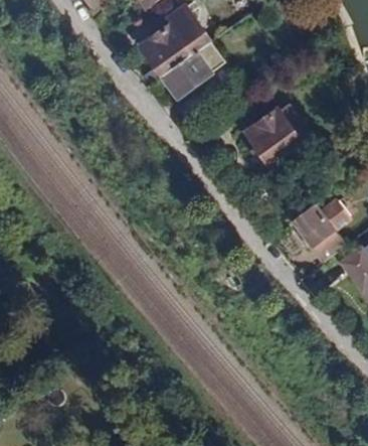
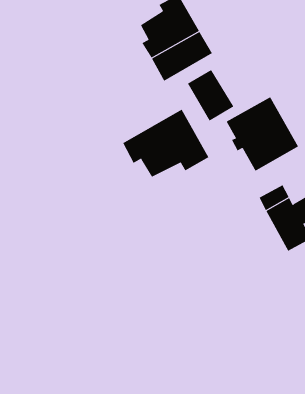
building: none -> [187,69,234,121]
building: none -> [122,109,209,178]

